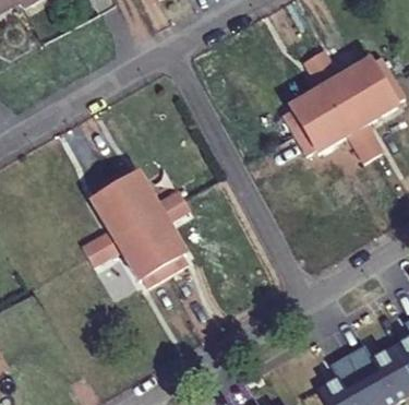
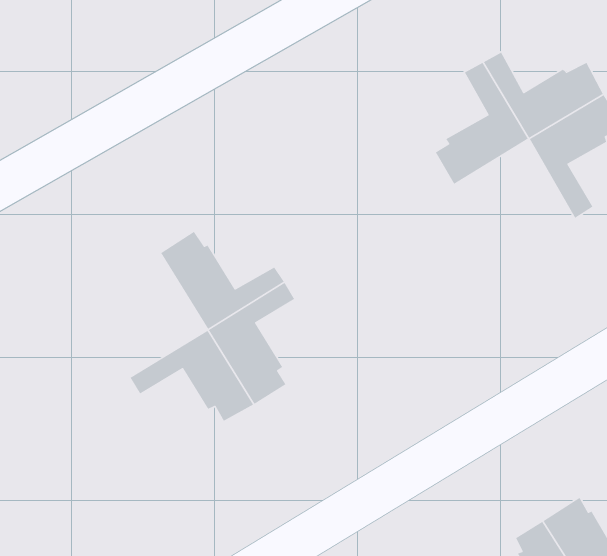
building: [294,107,372,166] -> none
building: [80,180,137,260] -> none

